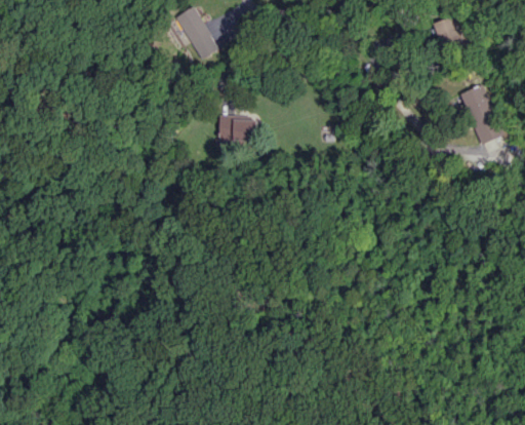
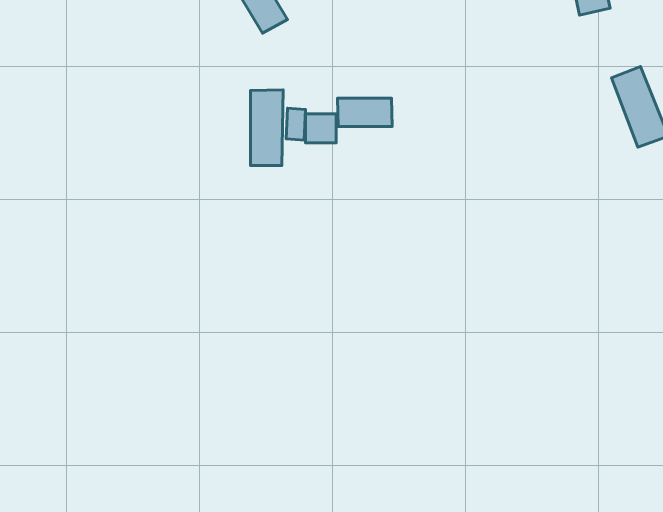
building: none -> [251,90,283,165]
building: none -> [338,98,392,126]

